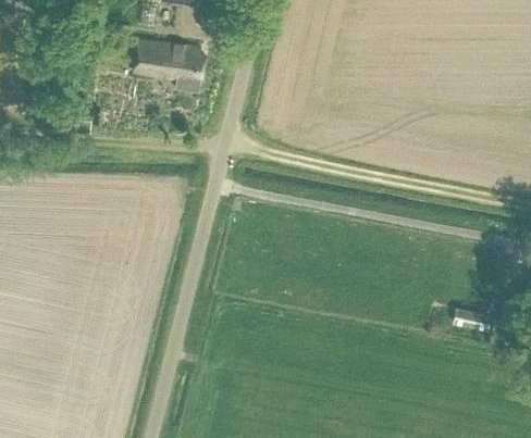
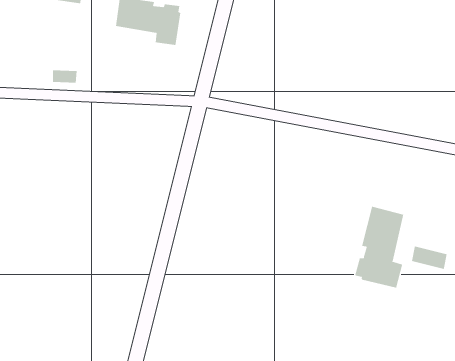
building: none -> [355,206,404,289]

